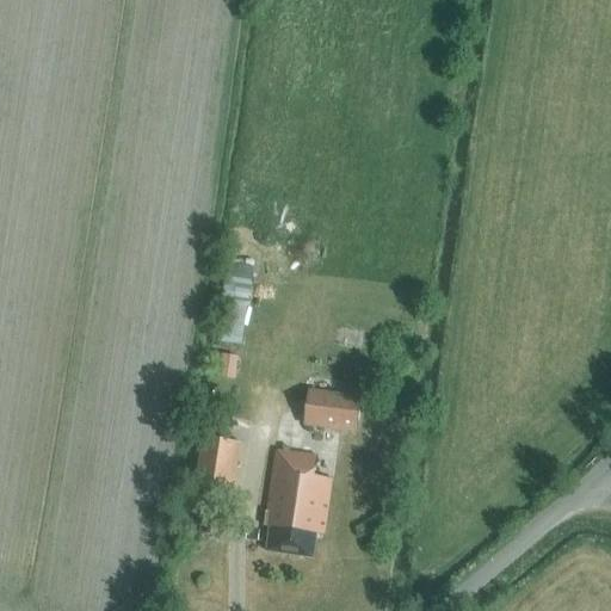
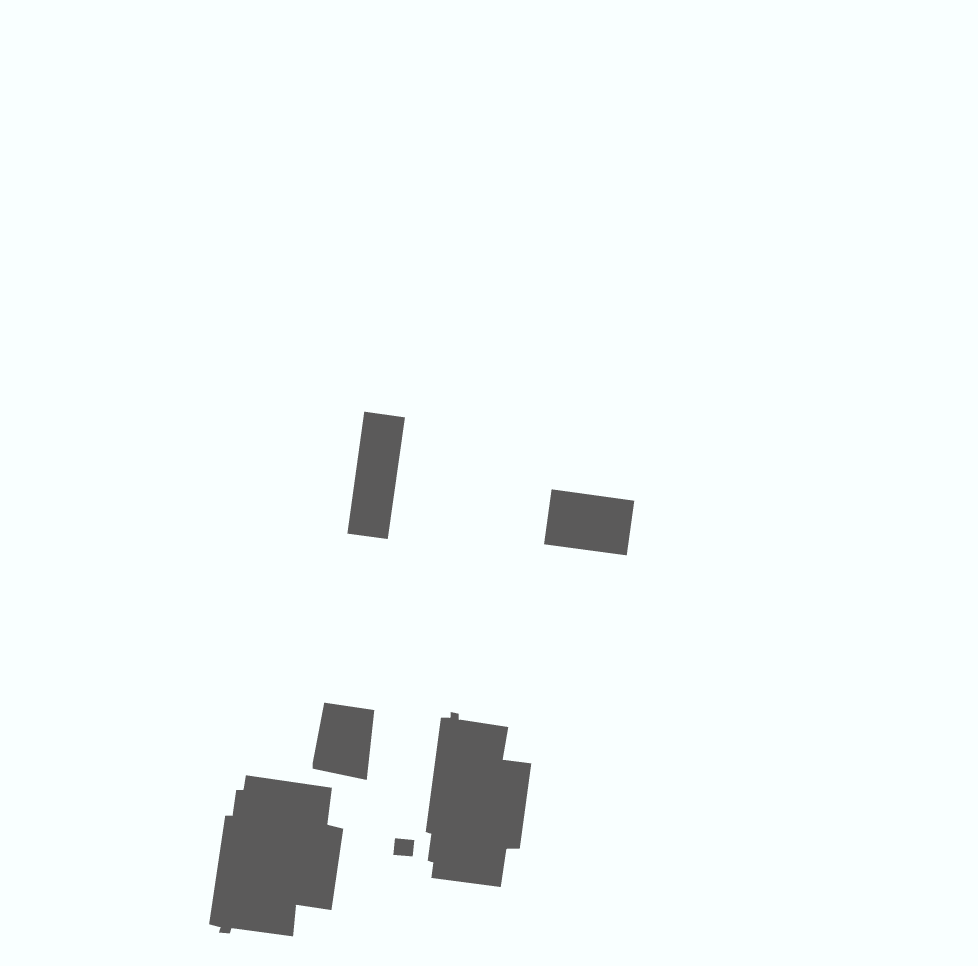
building: [304,388,362,430] -> [543,489,635,556]
building: none -> [208,774,344,937]

